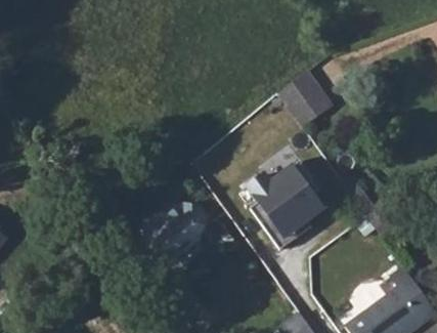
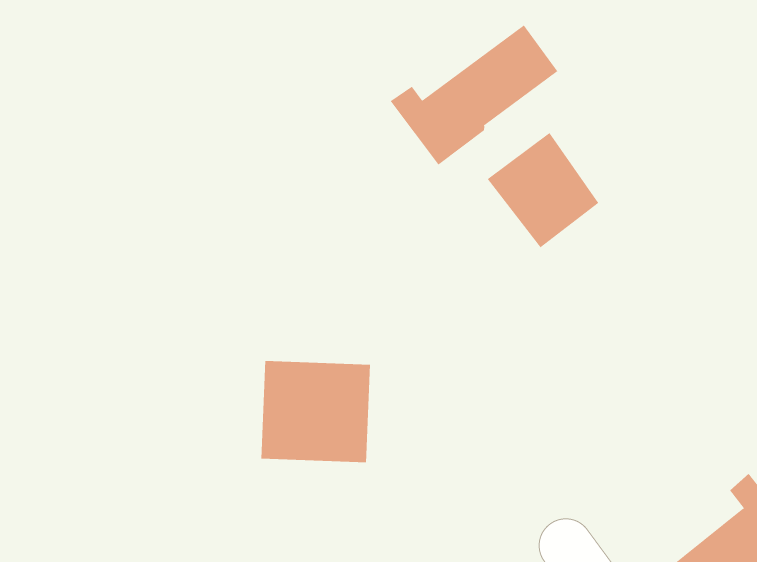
building: none -> [390,25,558,166]
building: [253,159,332,235] -> none

